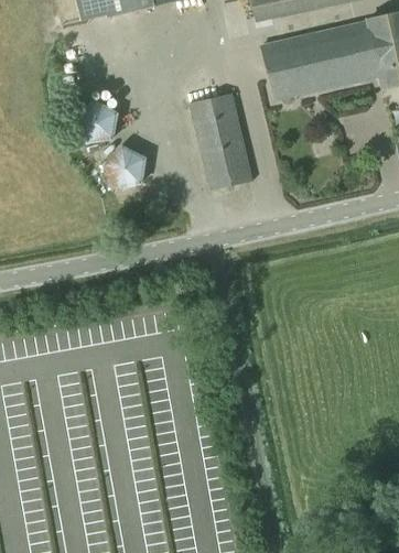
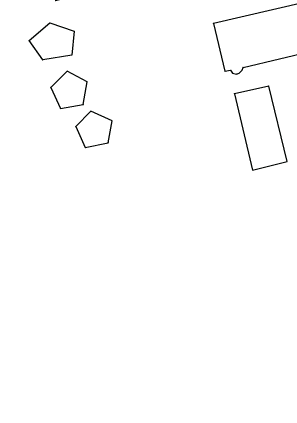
building: none -> [29,23,74,60]
building: [191,94,251,191] -> [234,86,287,170]

